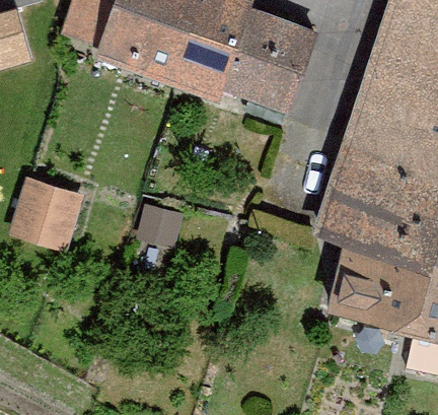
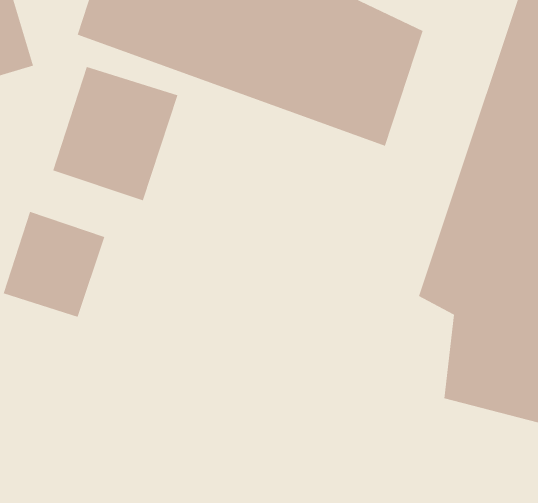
building: none -> [53,66,178,201]

